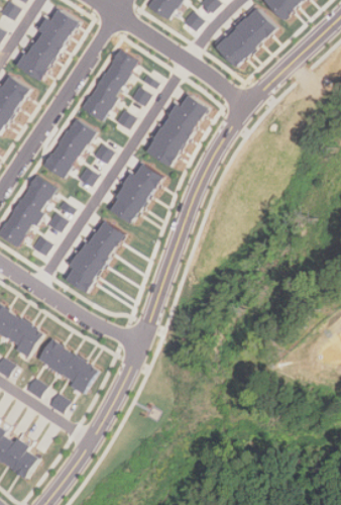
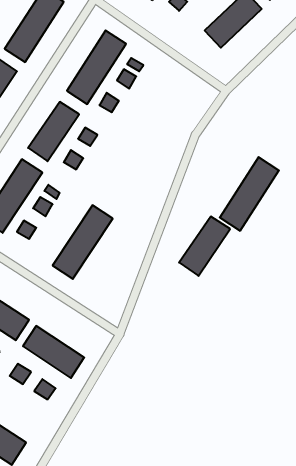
building: [147,94,206,167] -> [220,157,279,231]
building: [110,164,160,222] -> [179,217,230,276]

